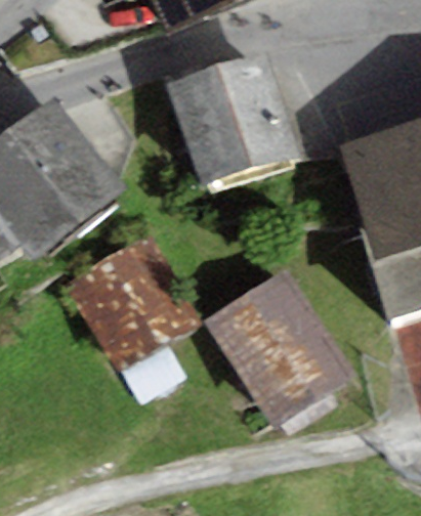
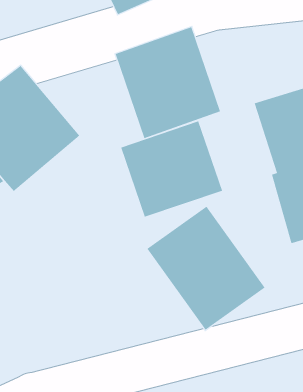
building: none -> [120,120,223,218]
building: [70,238,199,373] -> none

